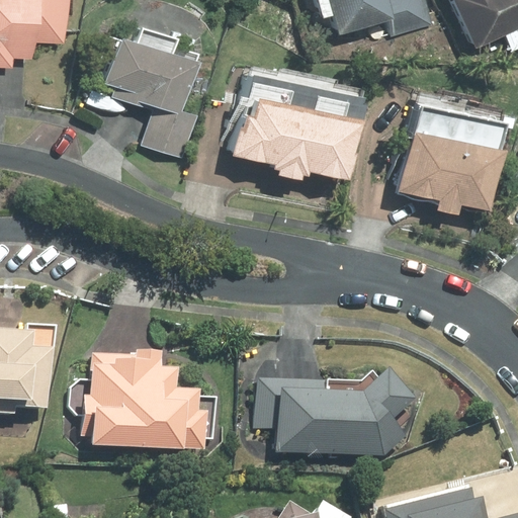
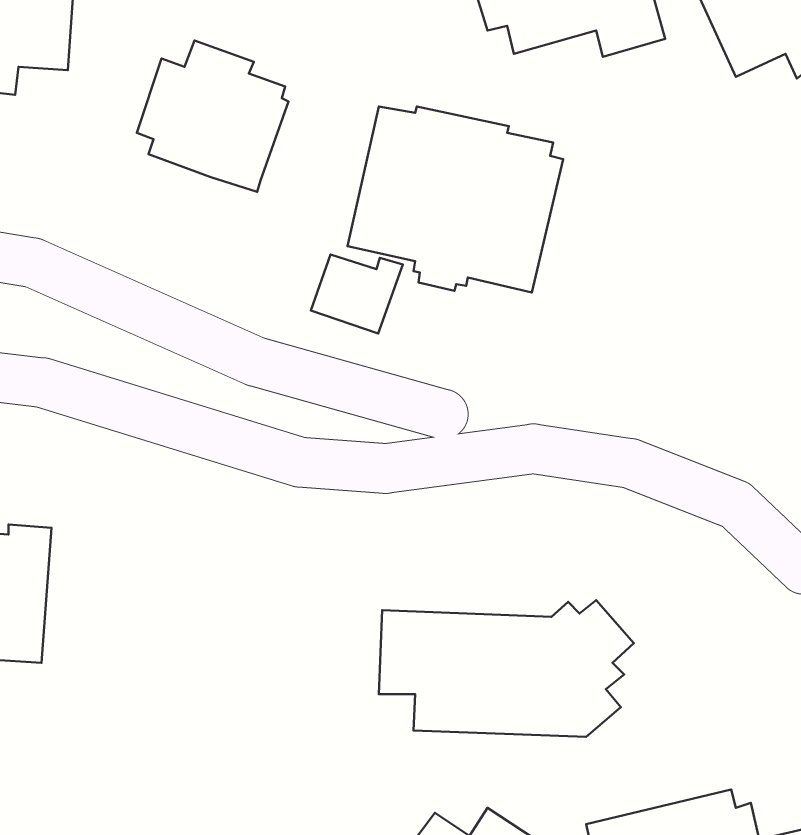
building: [400,107,506,214] -> none
building: [139,110,195,159] -> [311,254,403,334]
building: [68,349,212,448] -> none

